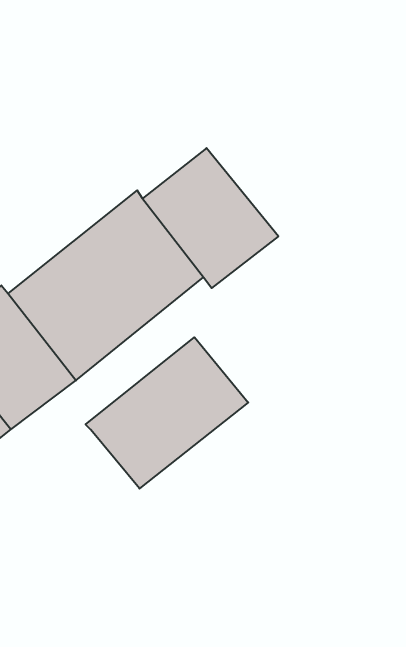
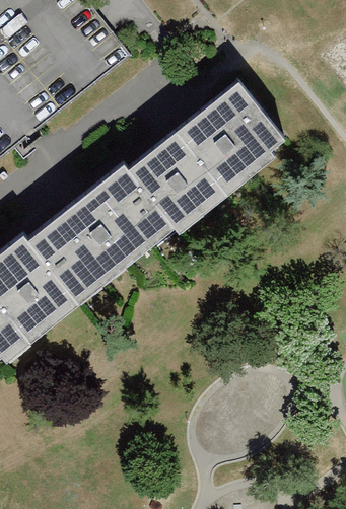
building: none -> [175,82,284,198]
building: [86,337,248,489] -> none

